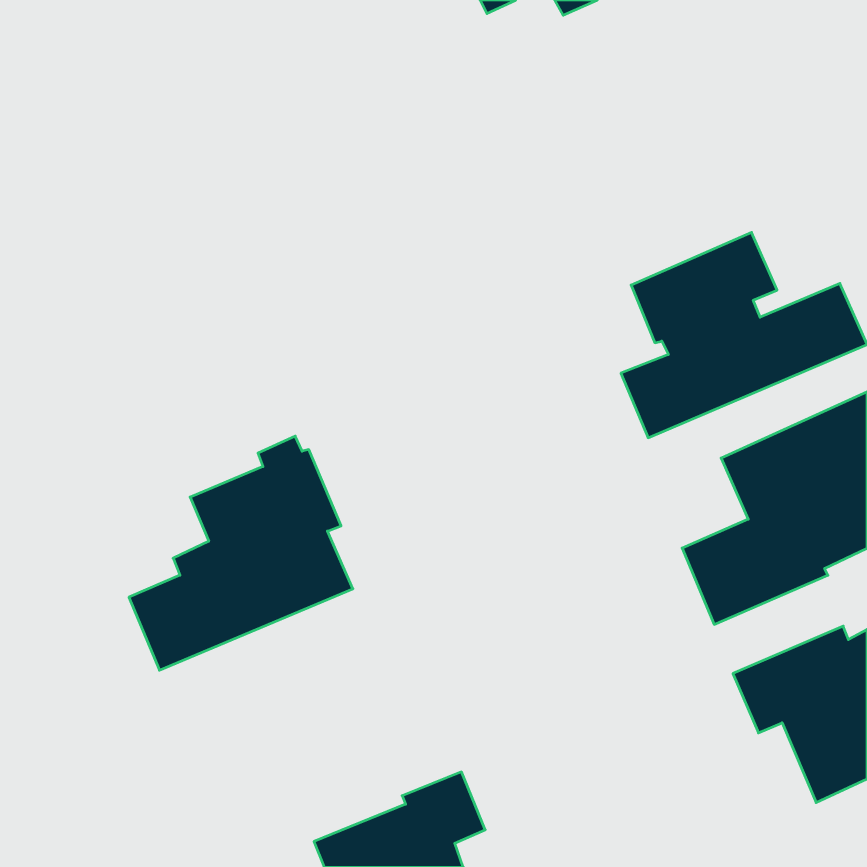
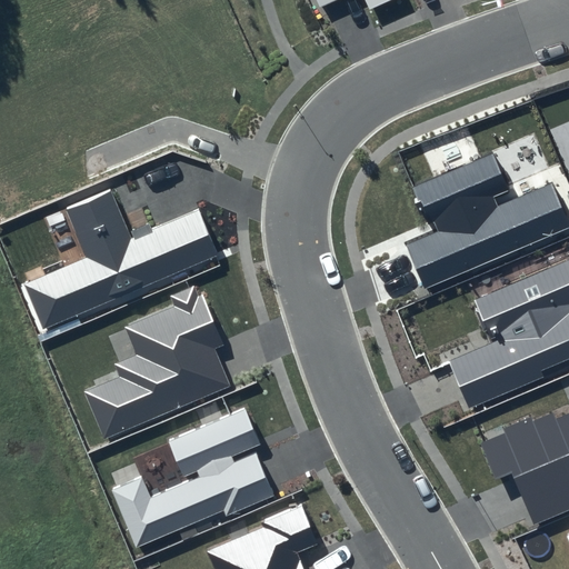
building: none -> [24,190,219,330]
building: none -> [110,411,273,551]

